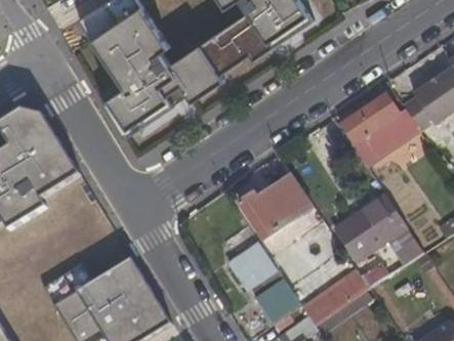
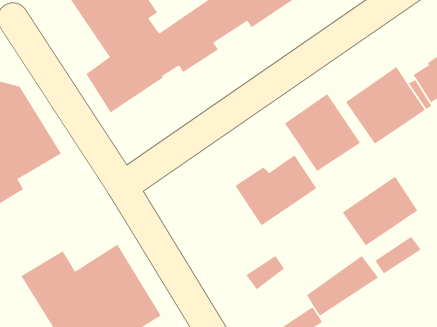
building: none -> [284,93,361,172]
building: [232,244,276,287] -> none
building: [258,281,301,325] -> none

